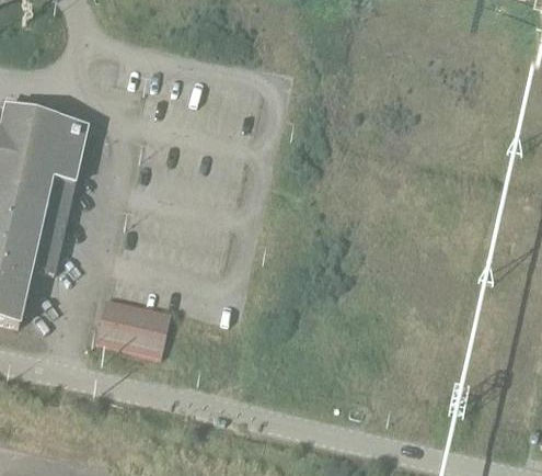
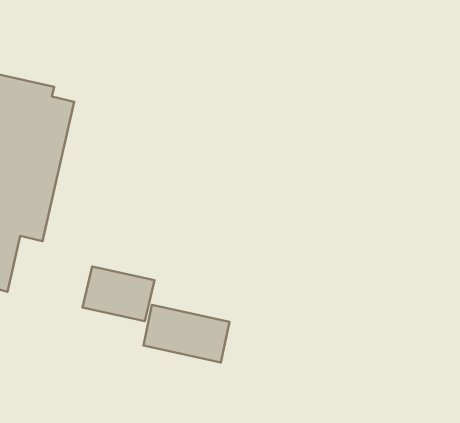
building: none -> [143,305,229,363]

